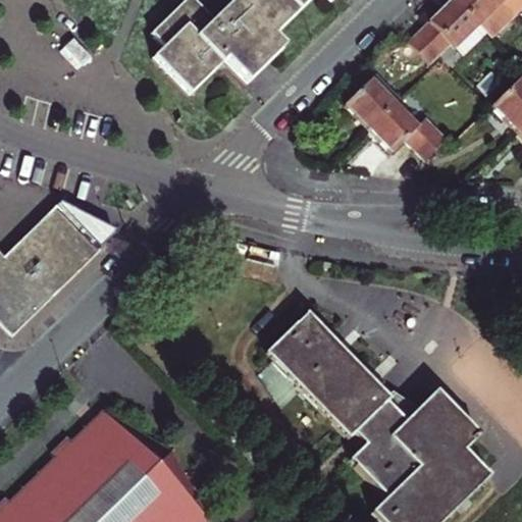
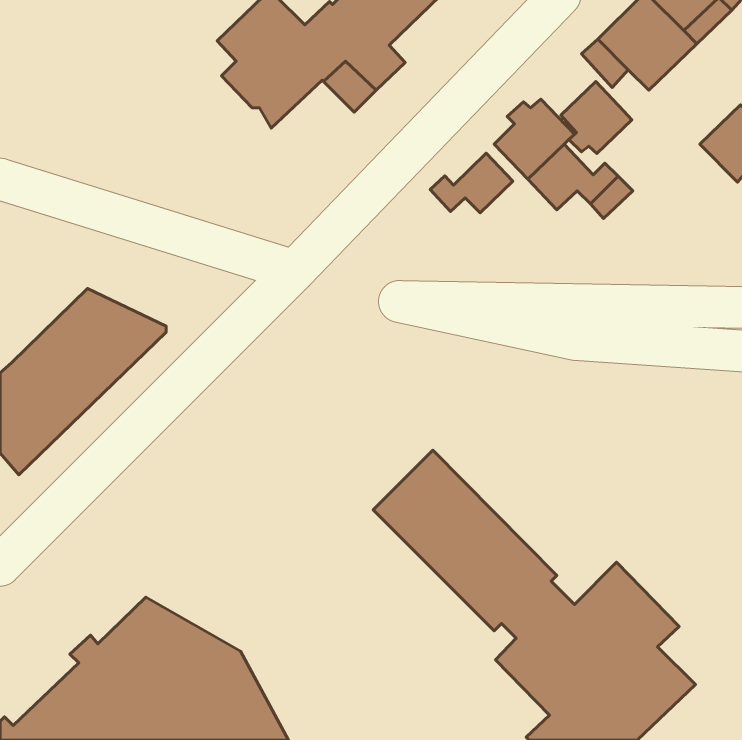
building: none -> [561,82,632,153]
building: none -> [430,153,513,213]

